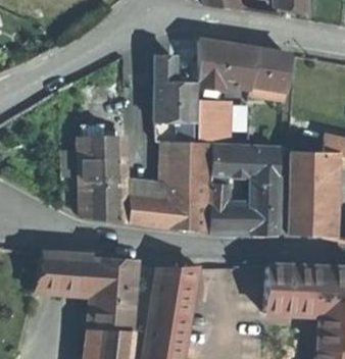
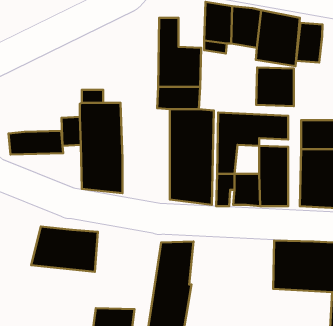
building: none -> [296,23,322,62]
building: [198,102,234,139] -> [256,67,294,106]
building: none -> [8,131,63,155]
building: [121,184,166,226] -> none
building: [93,257,137,330] -> none

